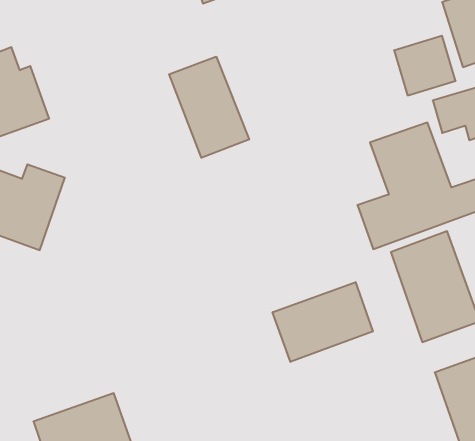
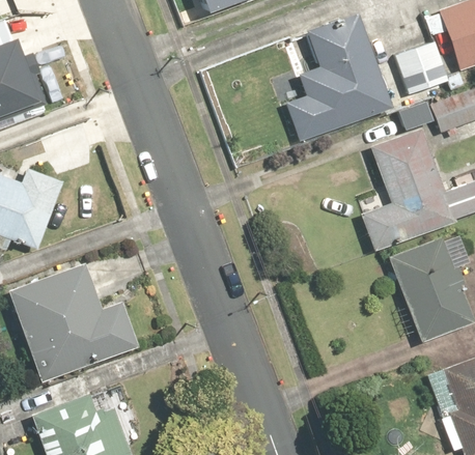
building: none -> [285,12,397,141]
building: [169,57,249,158] -> none
building: none -> [8,263,145,387]
building: [273,282,373,362] -> none

